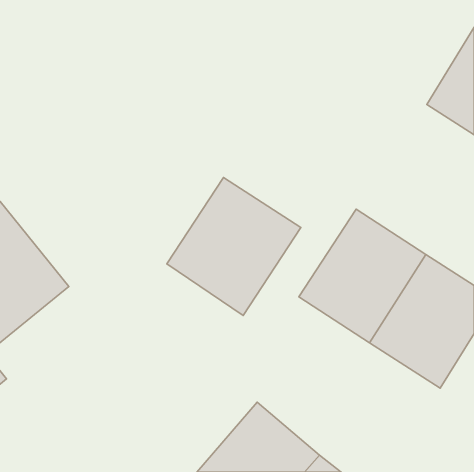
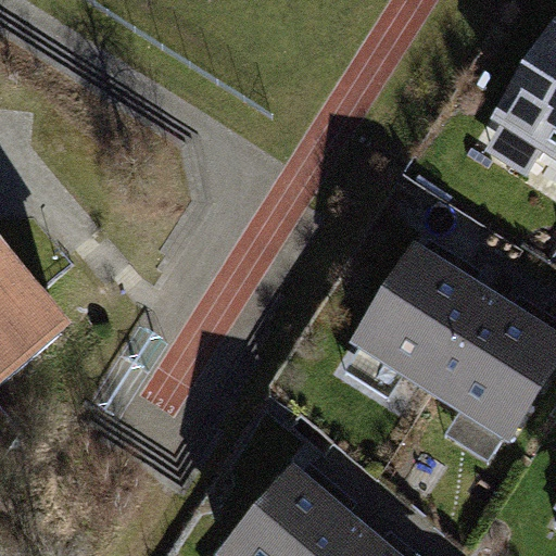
building: [167,177,301,315] -> none

